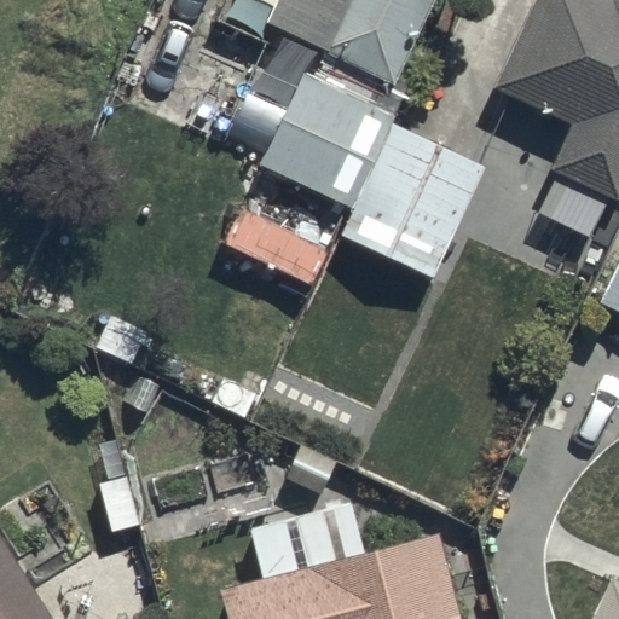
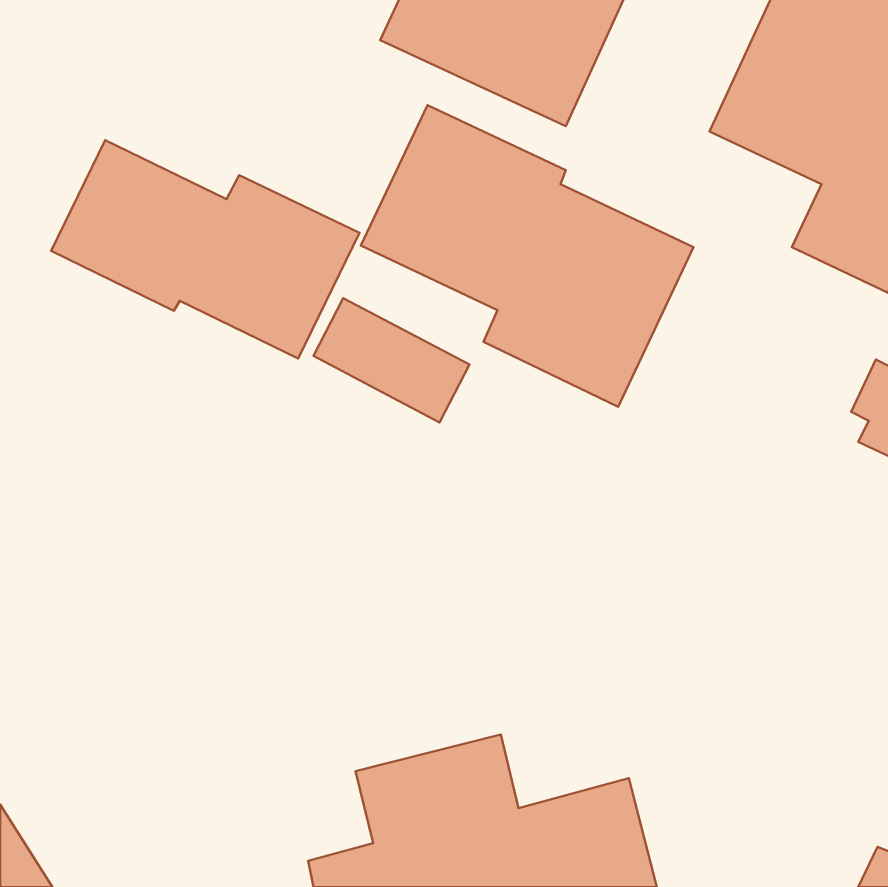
building: none -> [51,140,359,358]

